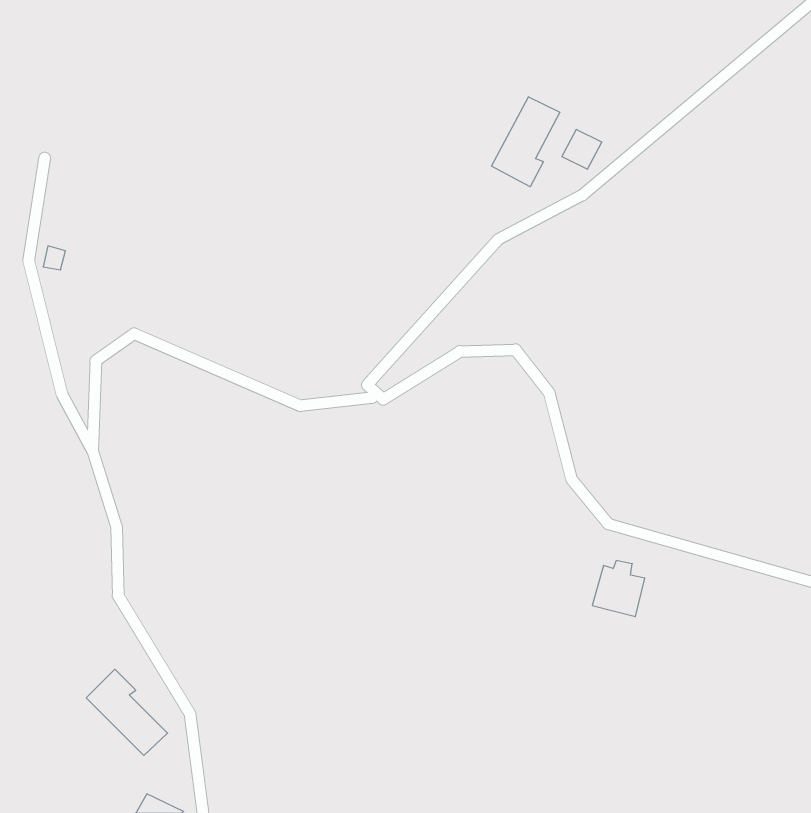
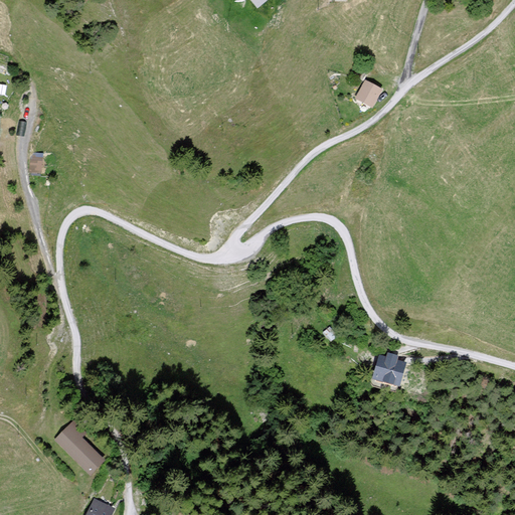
building: [492,97,560,187] -> none

